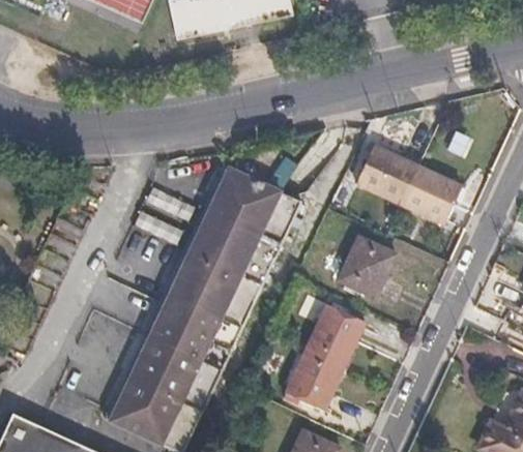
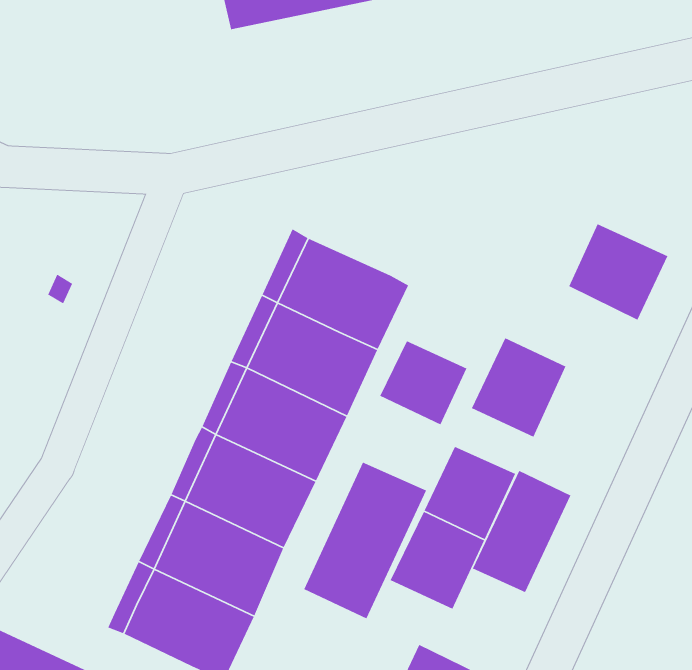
building: [353,142,415,203] -> none
building: none -> [379,340,467,425]
building: none -> [303,462,427,620]
building: none -> [472,470,571,593]

